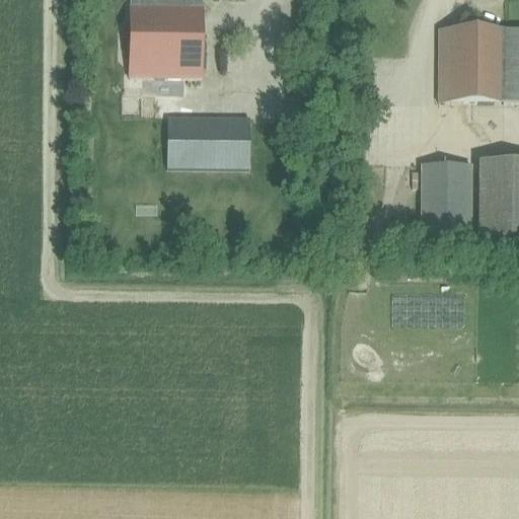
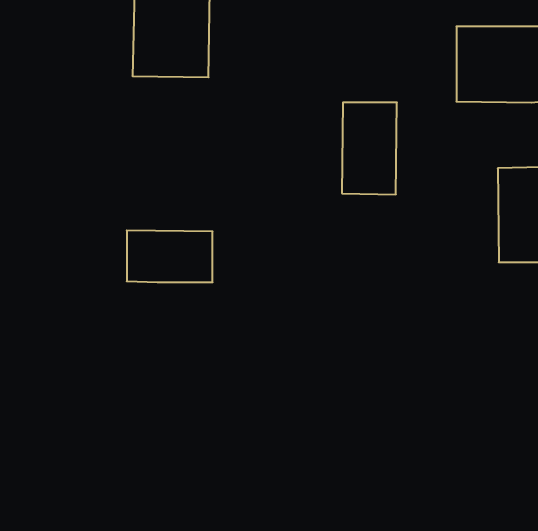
building: [167,115,249,164] -> [127,230,213,282]
building: [422,161,474,249] -> [342,102,397,194]

